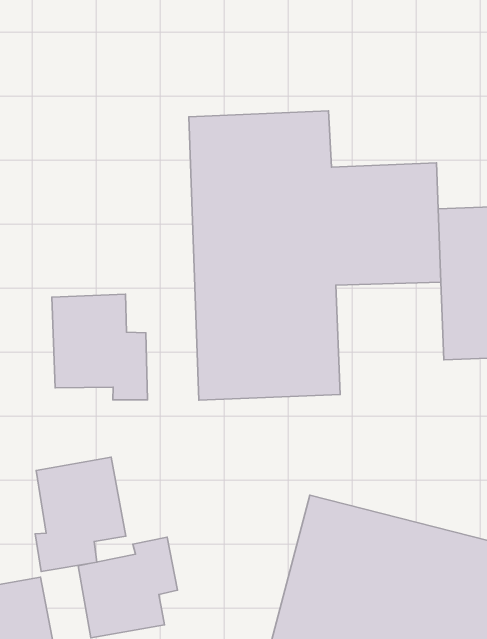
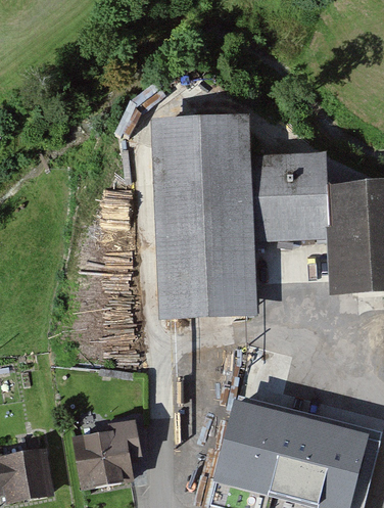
building: [52,294,148,400] -> none
building: [35,457,126,572] -> none

